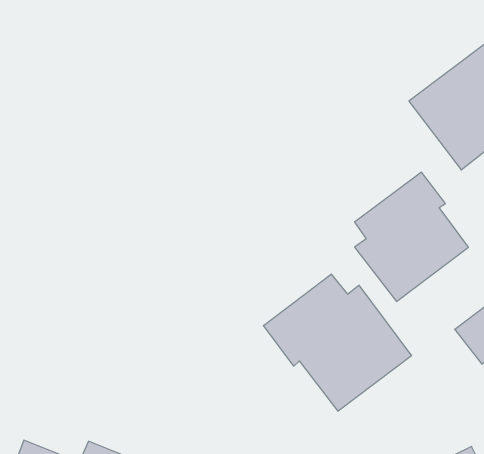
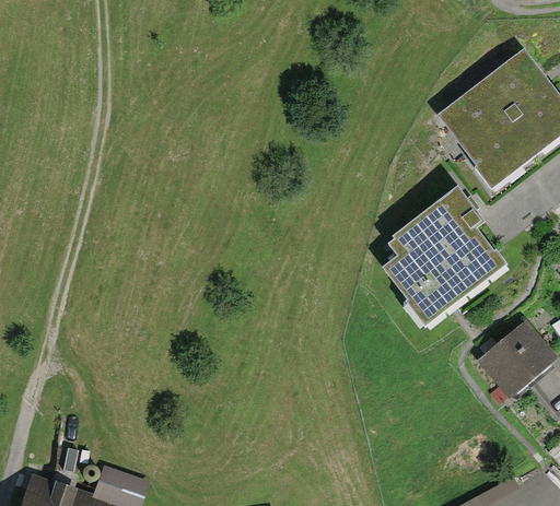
building: [263,274,411,411] -> none

